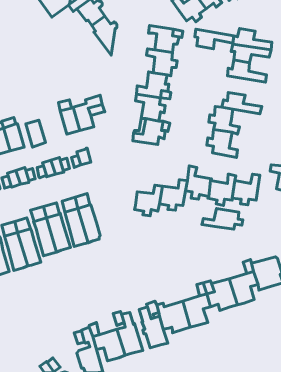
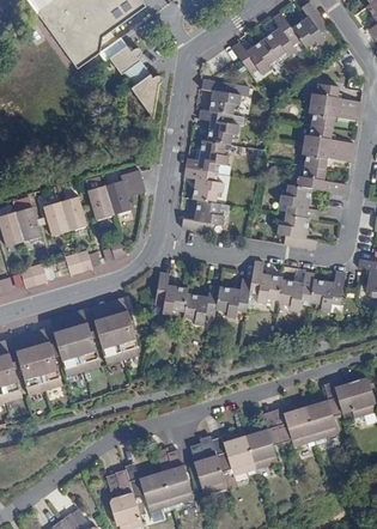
building: [195,29,234,49] -> [302,144,352,169]
building: none -> [60,195,86,230]
building: none -> [154,272,188,314]
building: [202,209,243,229] -> none

